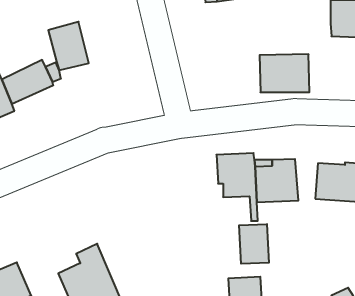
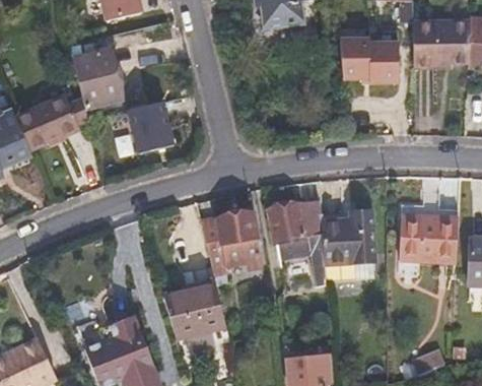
building: [260,54,309,92] -> [341,33,401,78]
building: none -> [127,100,171,150]
building: none -> [201,209,263,275]
building: none -> [164,282,226,352]
building: [239,224,269,264] -> none

